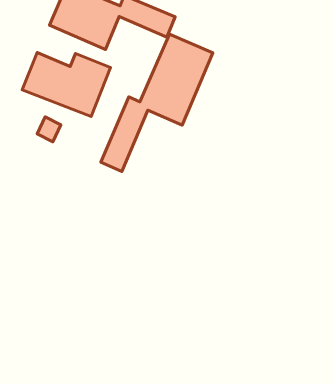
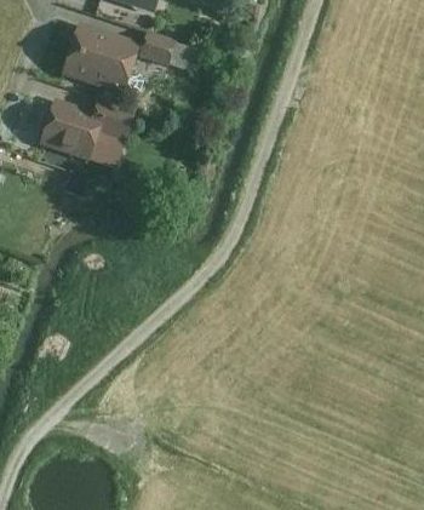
building: [101,34,213,172] -> none

